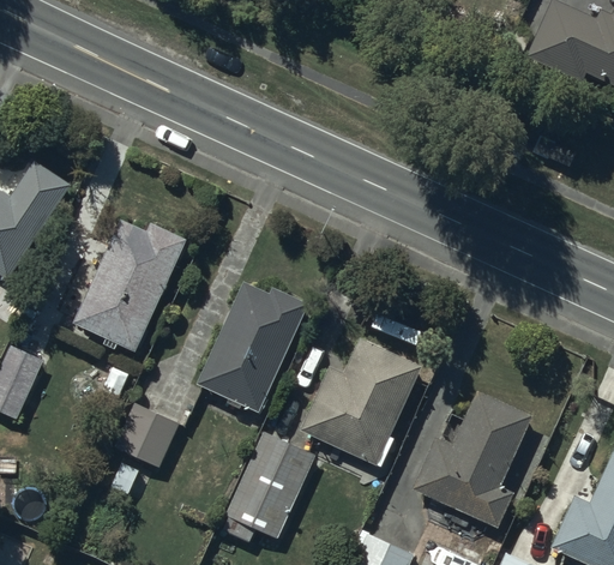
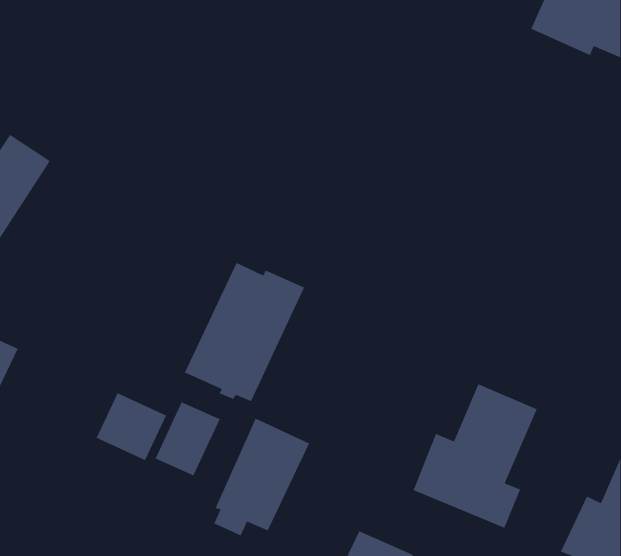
building: [76,218,188,353] -> none
building: [300,333,421,462] -> none
building: none -> [154,401,221,477]

